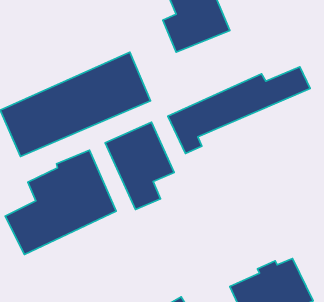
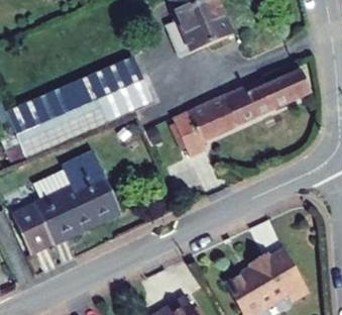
building: [105,122,174,210] -> none

